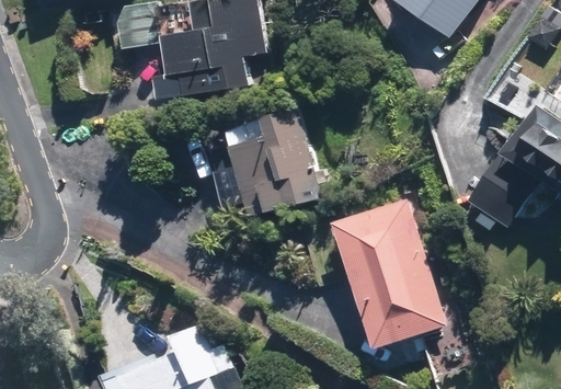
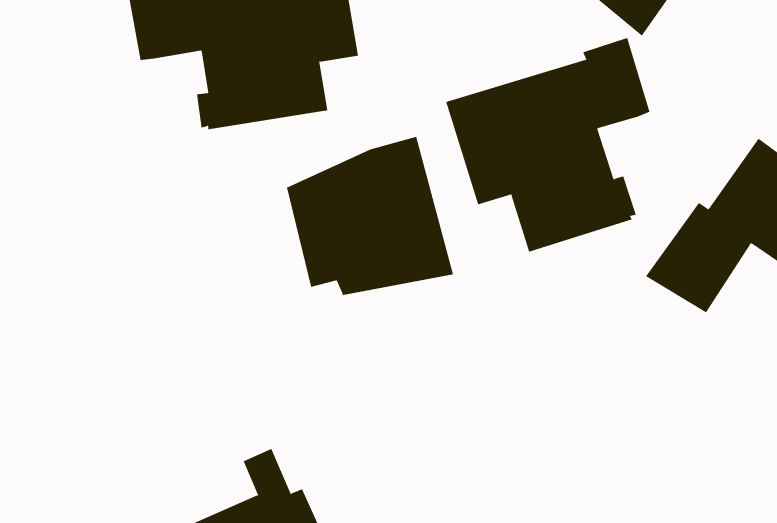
building: none -> [446,37,650,253]
building: [321,196,438,345] -> none

